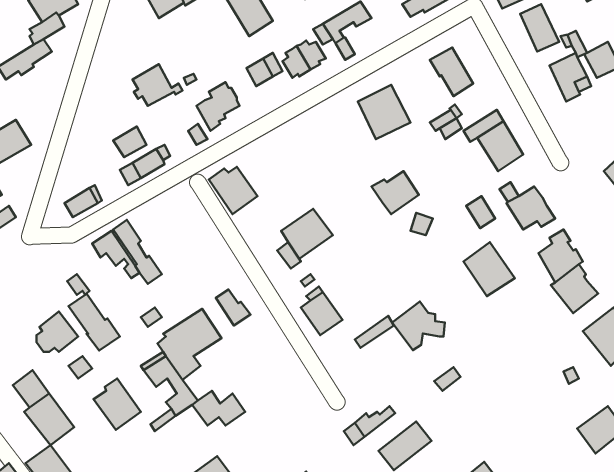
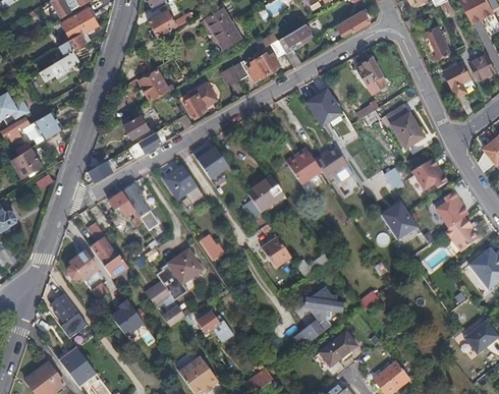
building: none -> [285,148,321,184]
building: none -> [162,165,204,208]
building: [392,302,445,350] -> [303,286,342,322]

